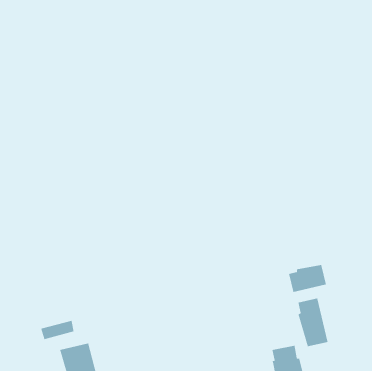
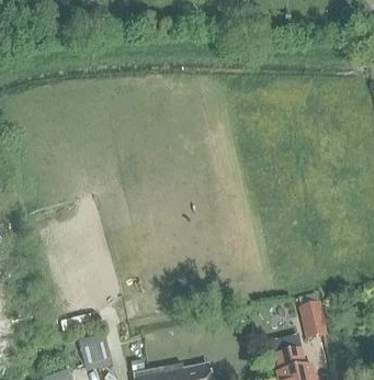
building: [288,264,327,293] -> none

